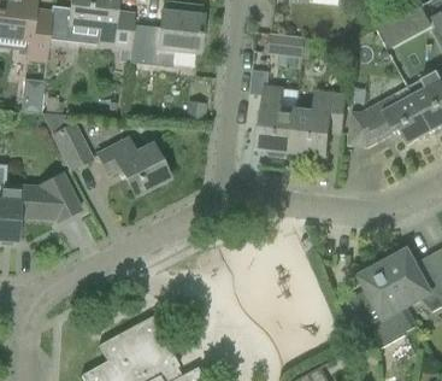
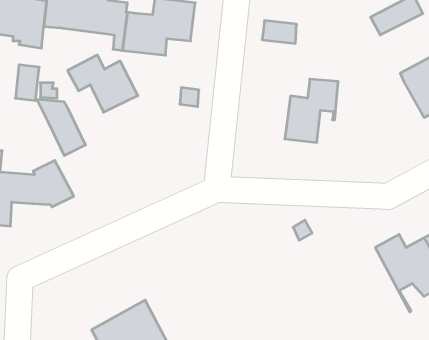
building: [258,86,297,158] -> none
building: [347,86,432,147] -> none
building: [96,137,167,195] -> [68,55,138,112]
building: [348,262,418,348] -> none

